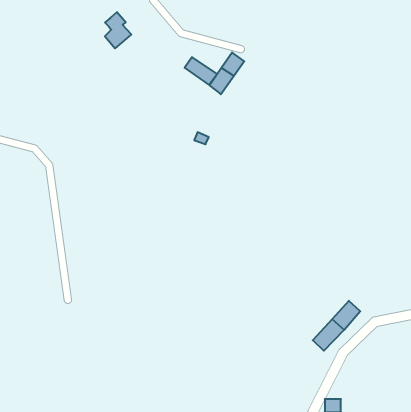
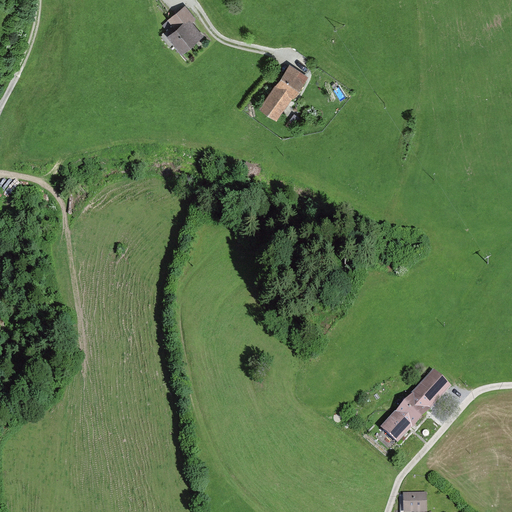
building: [105,12,131,48] -> [167,6,200,51]
building: [185,57,217,85] -> none

